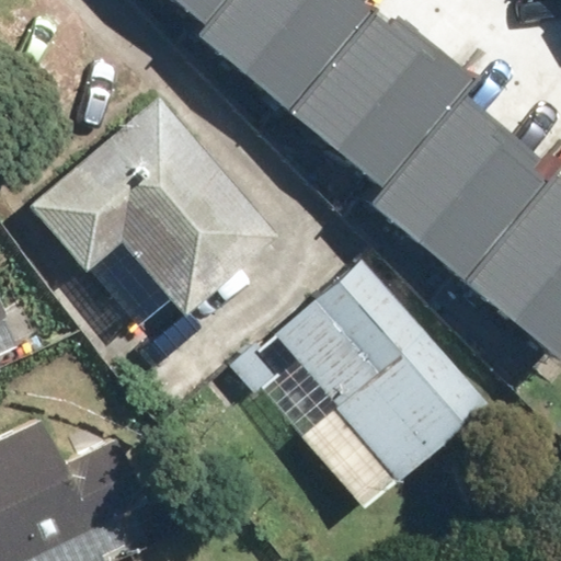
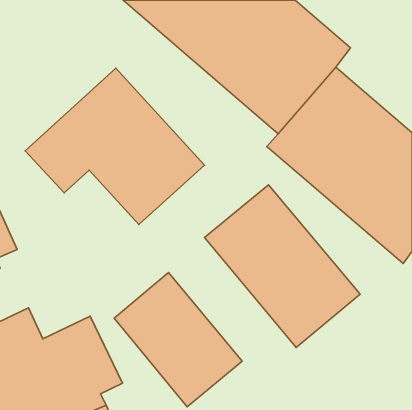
building: none -> [114,273,242,407]

